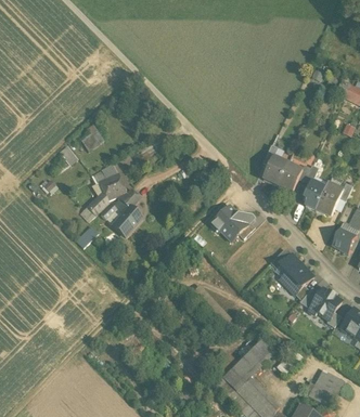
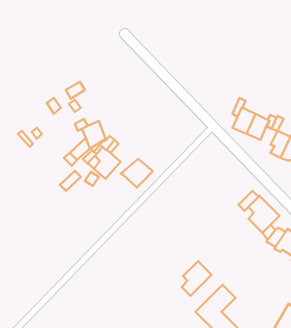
building: [210,204,254,239] -> none
building: none -> [121,159,153,187]
building: none -> [182,261,212,296]

